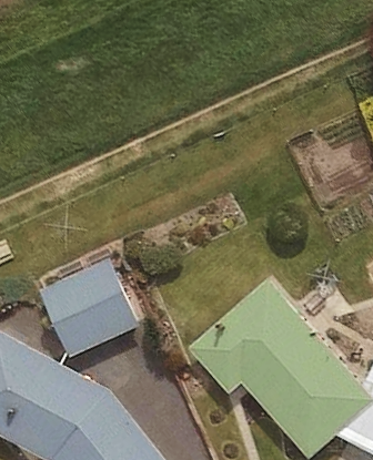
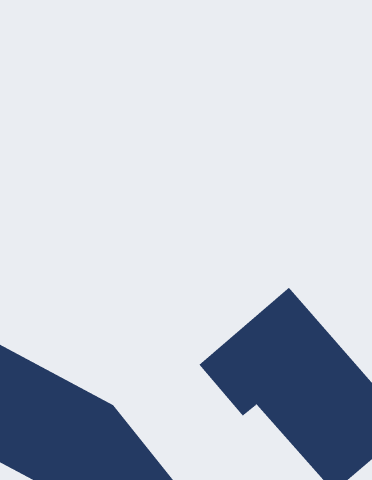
building: [46,264,142,358] -> none

